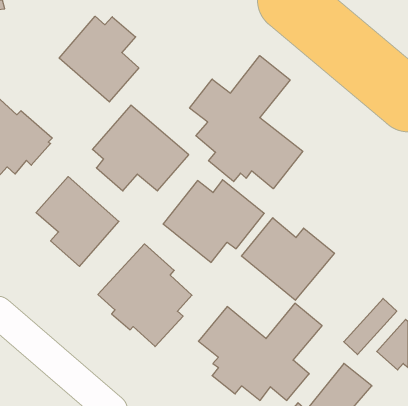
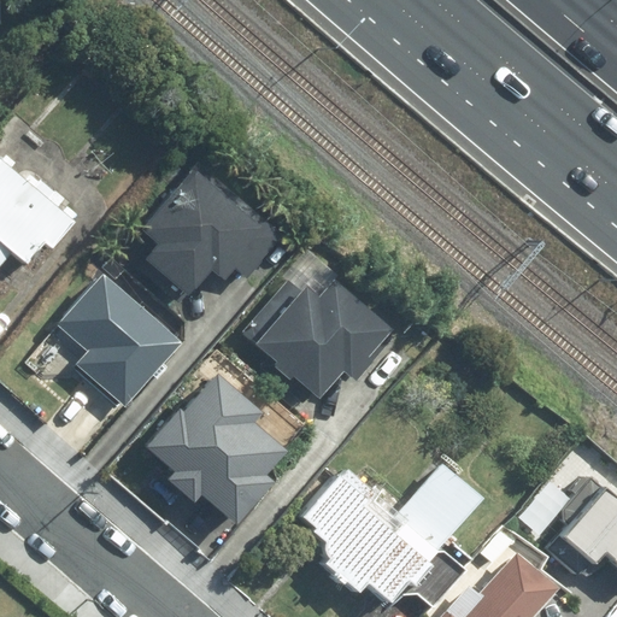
building: [59,16,139,102] -> none
building: [190,56,303,189] -> none
building: [241,218,334,300] -> none

